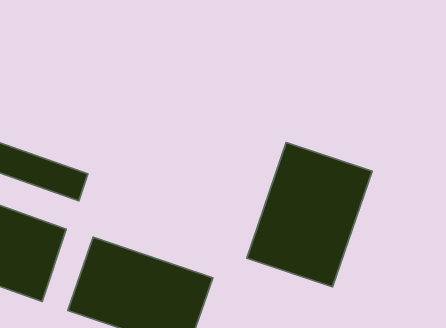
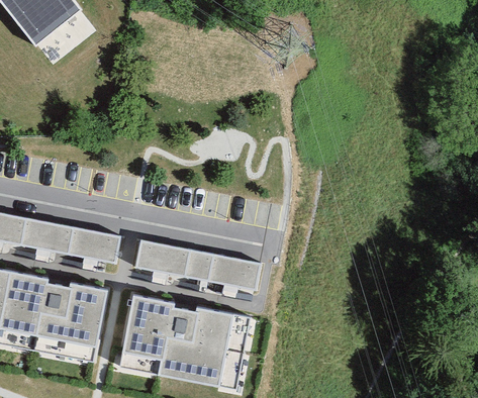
building: [247,142,372,287] -> none
building: none -> [133,239,260,289]

